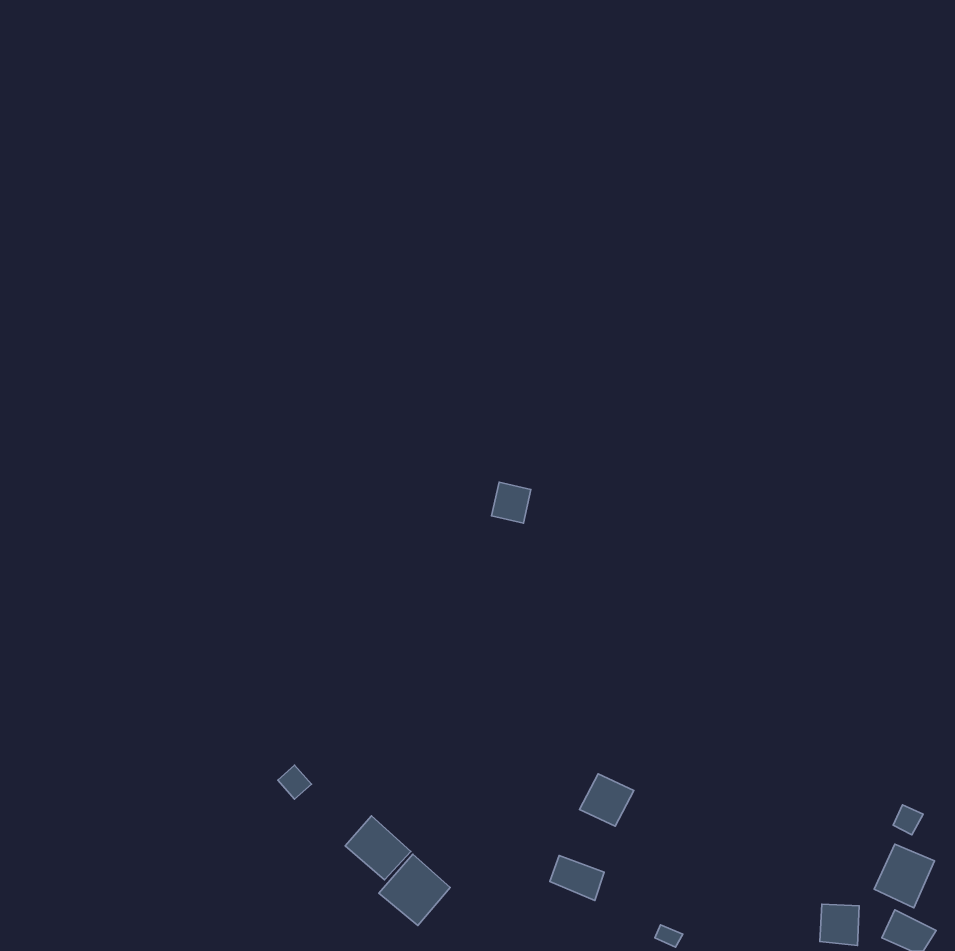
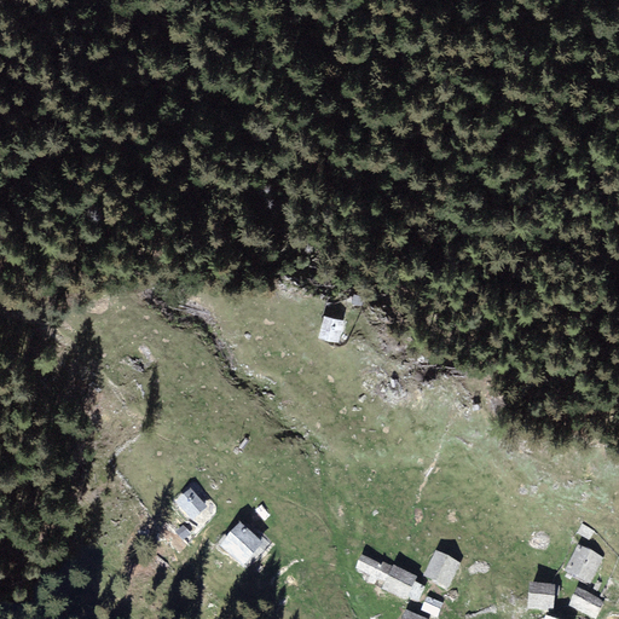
building: [579,774,634,826] -> [382,565,417,598]
building: none -> [423,550,459,588]
building: [379,854,450,926] -> none

